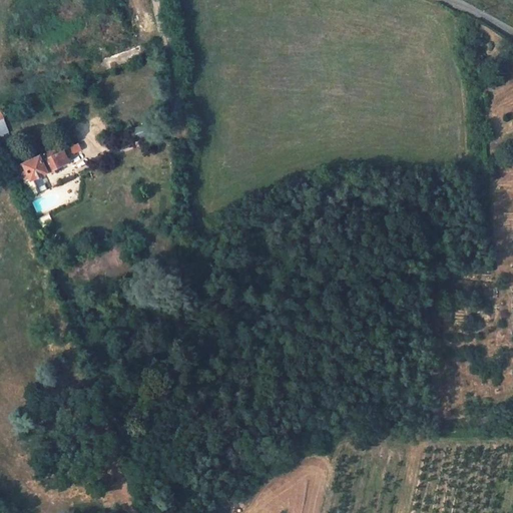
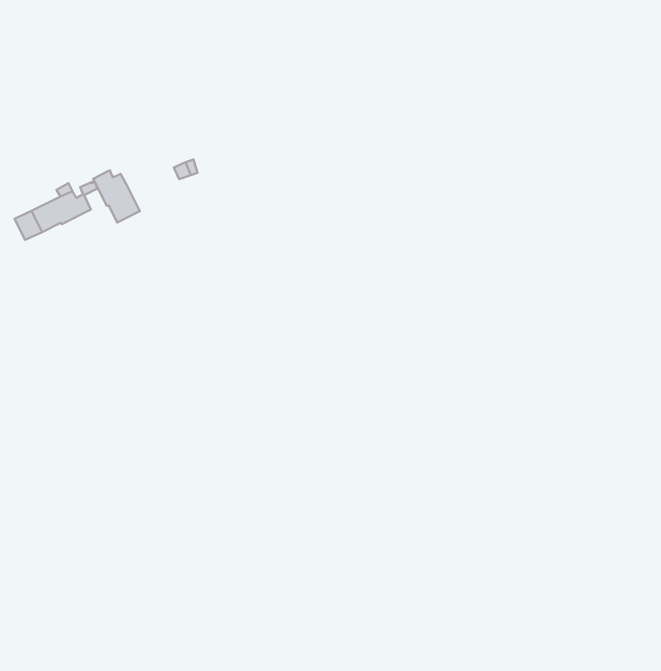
building: none -> [93,170,140,223]

